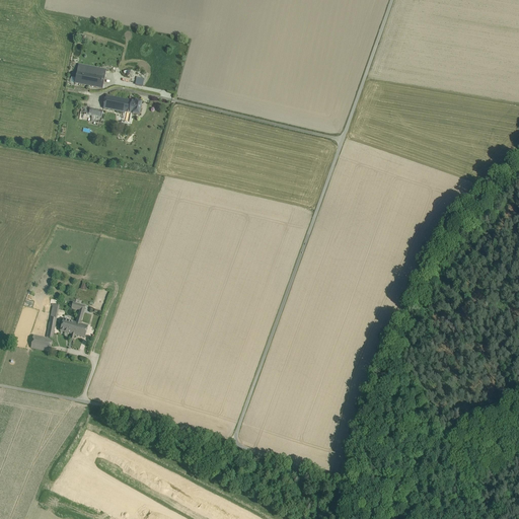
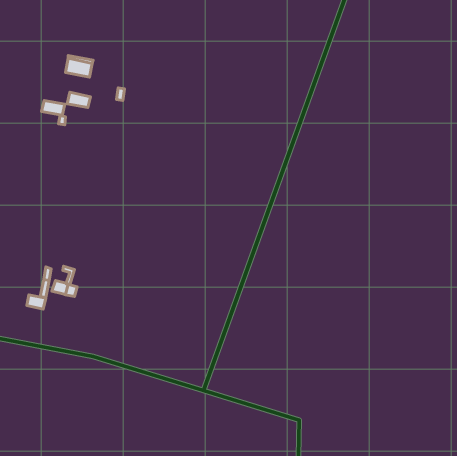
building: [102,94,130,122] -> [41,101,66,125]

